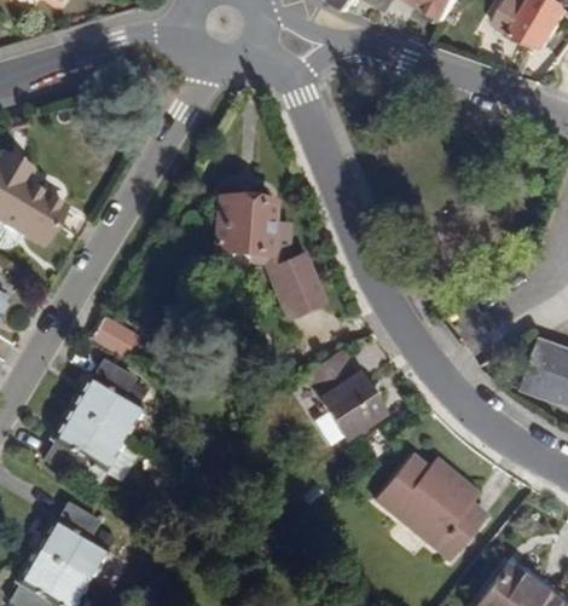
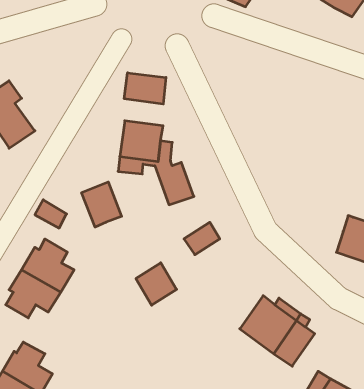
building: none -> [124,73,166,104]
building: none -> [82,182,122,227]
building: [317,368,376,429] -> [136,263,177,305]

